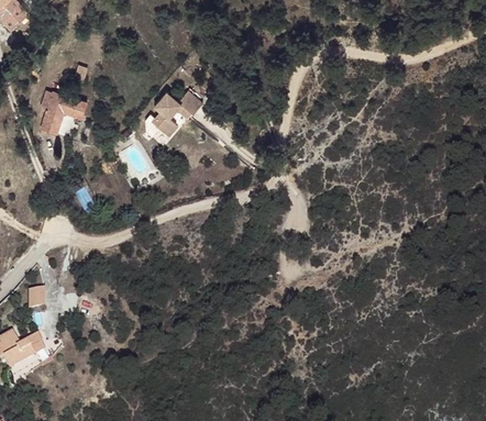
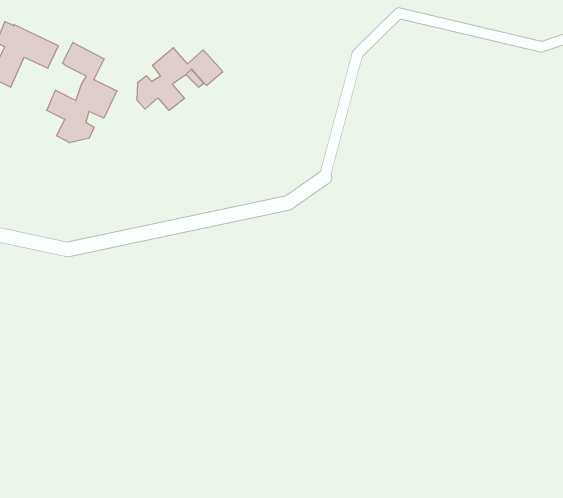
building: none -> [47,42,117,143]

